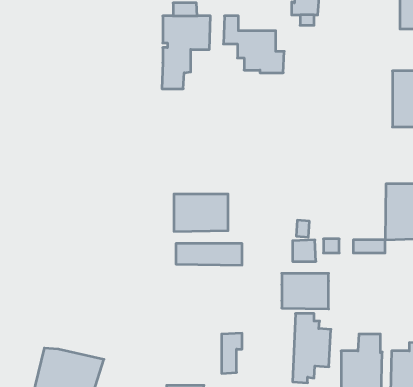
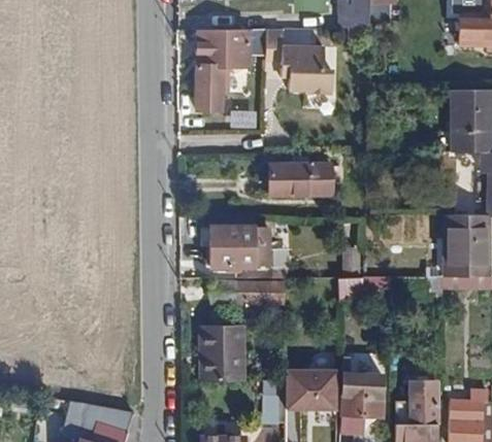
building: none -> [269,164,333,196]
building: [282,273,329,309] -> [286,368,337,407]
building: none -> [200,325,244,382]

